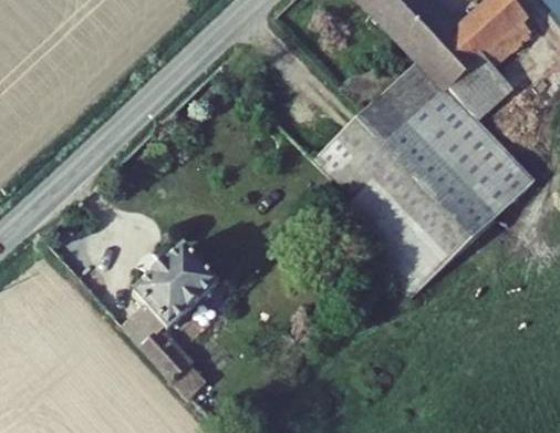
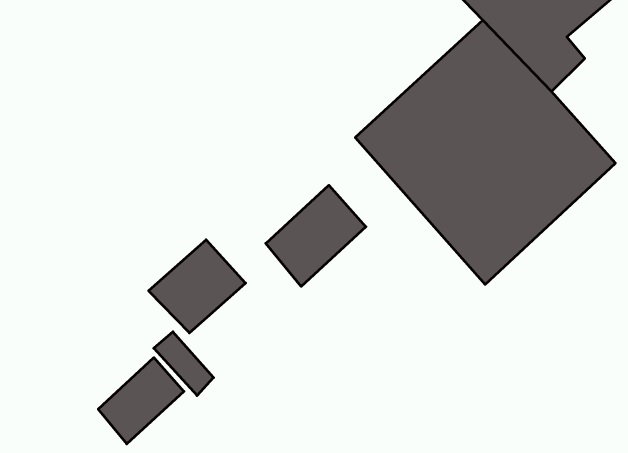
building: none -> [266,185,366,286]
building: none -> [98,358,184,444]

